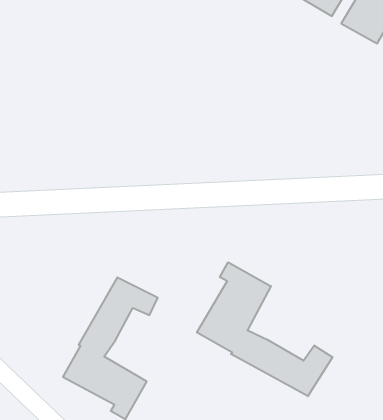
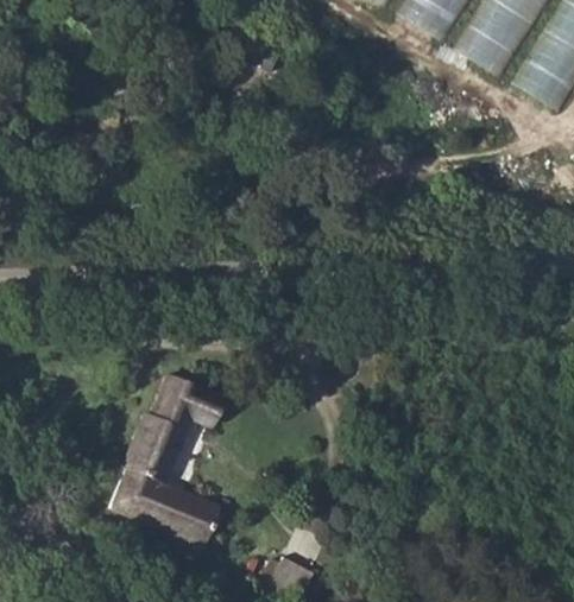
building: [197,262,333,396] -> none

